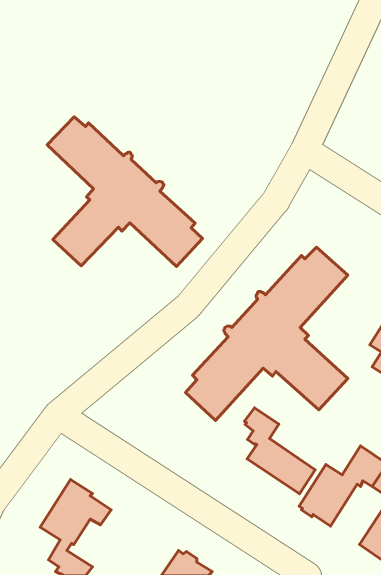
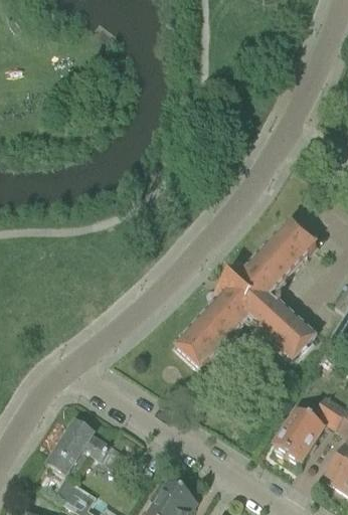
building: [47,117,202,267] -> none
building: [244,408,315,494] -> none

